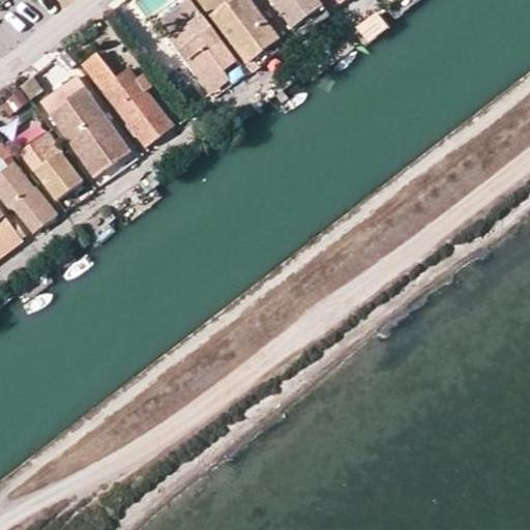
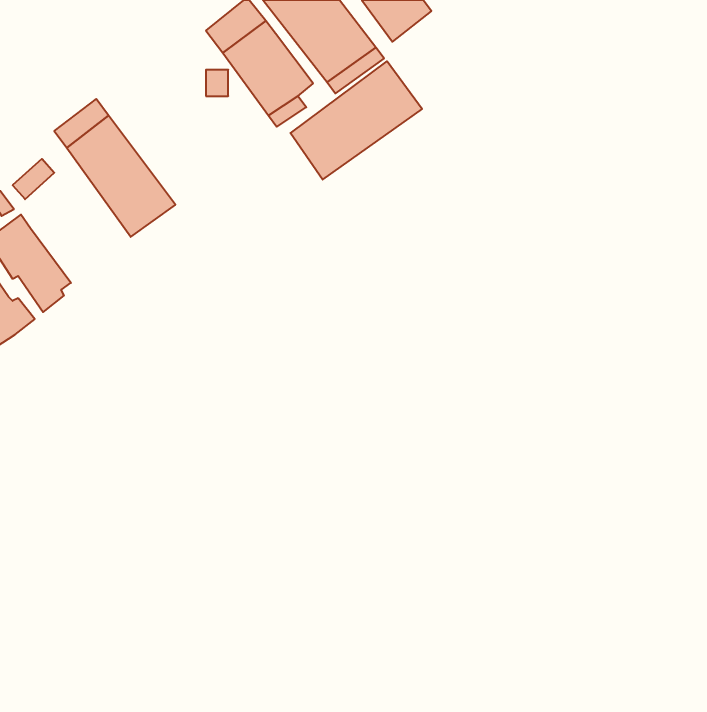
building: none -> [290,61,422,180]
building: [86,57,170,146] -> none
building: [21,129,81,200] -> none

